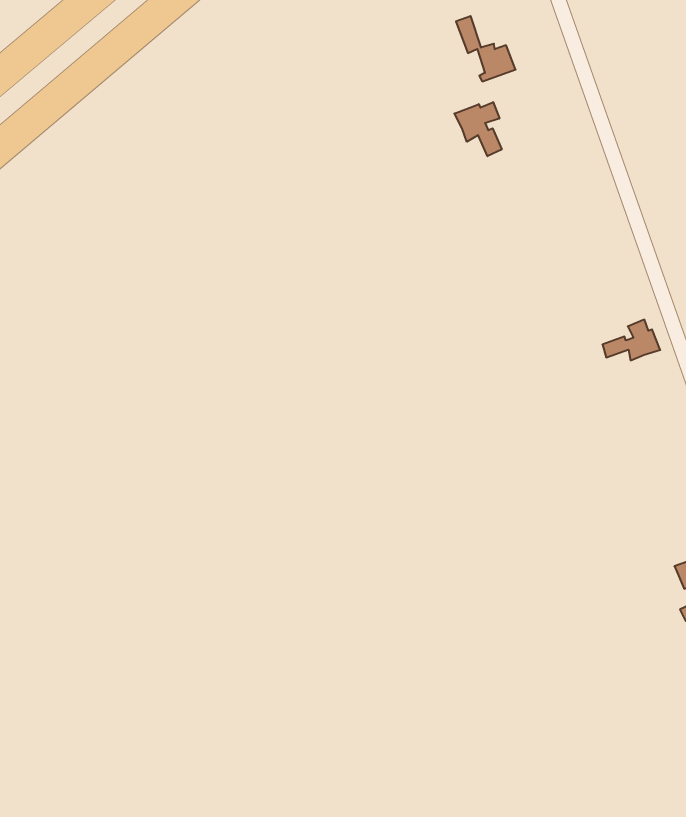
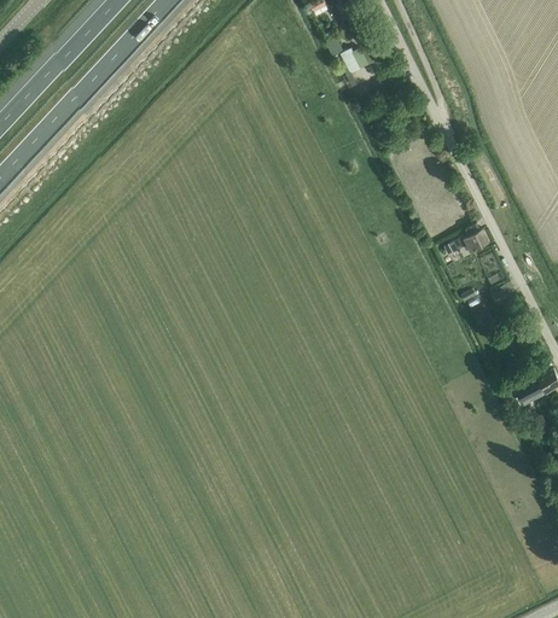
building: [454,102,502,156] -> none

